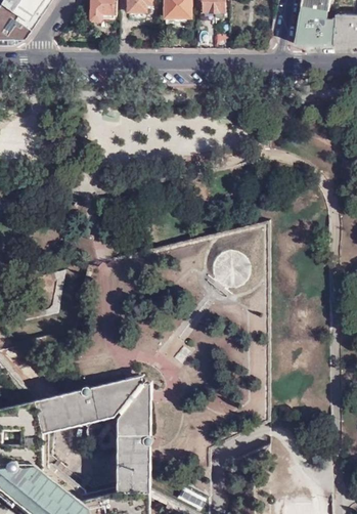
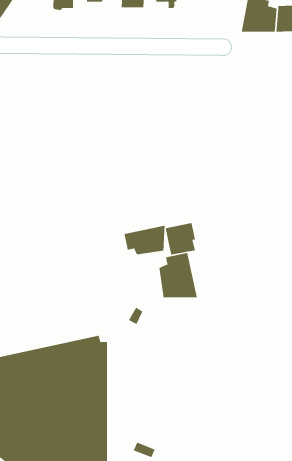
building: none -> [124,225,165,255]
building: none -> [159,252,198,298]

